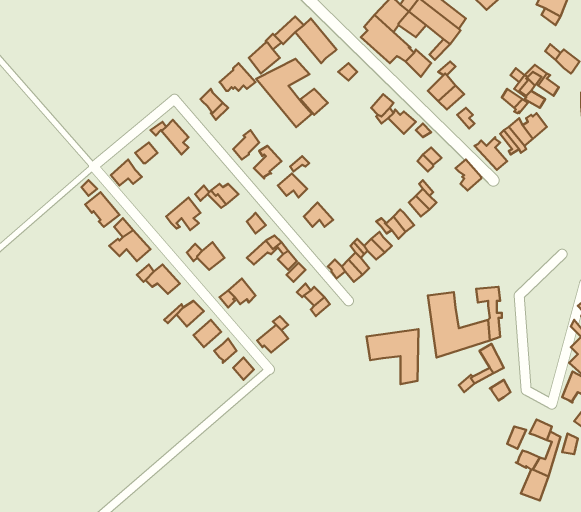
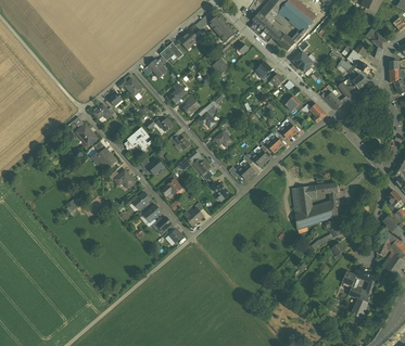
building: [256,59,312,127] -> none
building: [367,329,418,384] -> none

